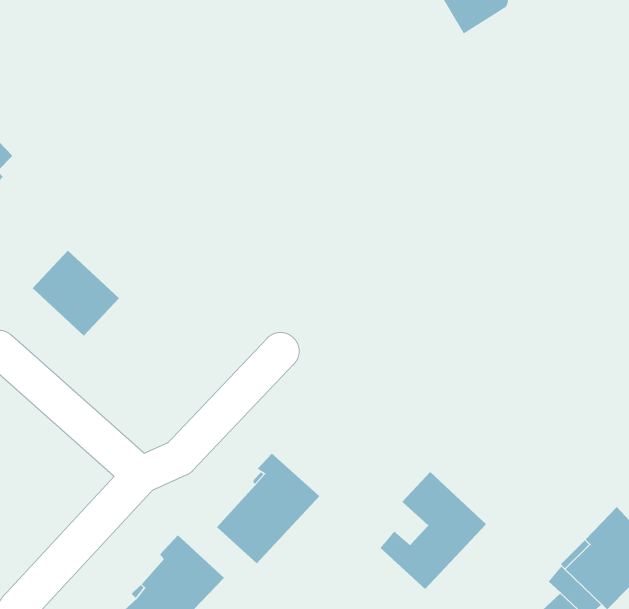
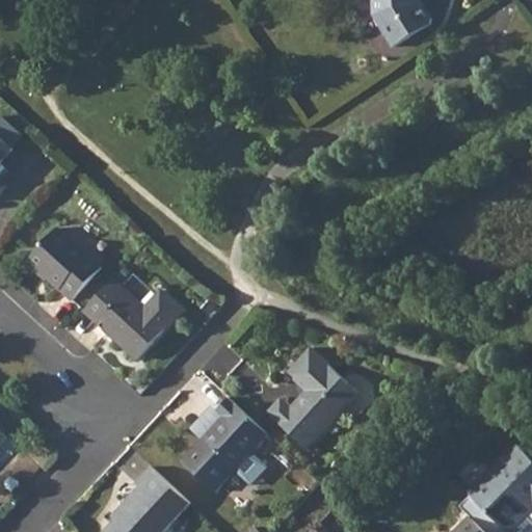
building: none -> [82,280,181,361]
building: [379,471,487,590] -> [267,348,357,448]

